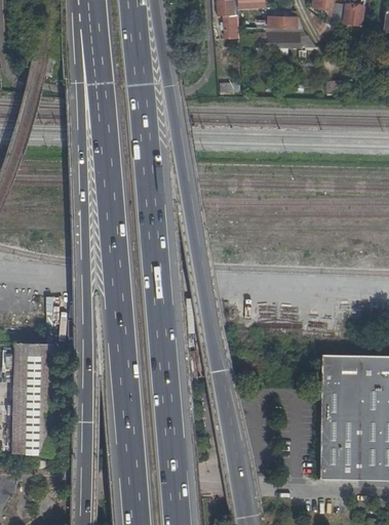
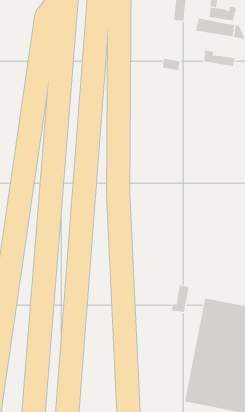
building: none -> [203,50,236,67]
building: none -> [171,284,189,313]

